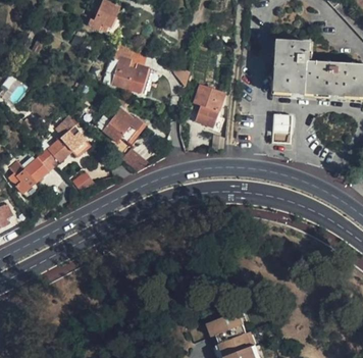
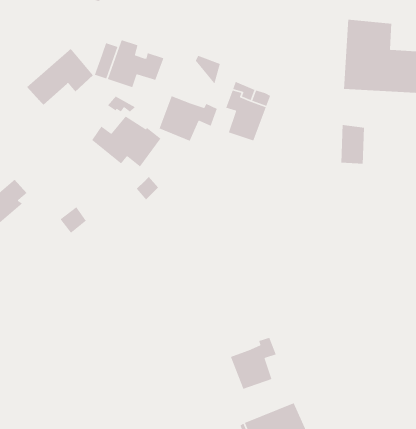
building: none -> [159,95,218,142]
building: [44,125,92,166] -> [26,48,94,105]
building: none -> [230,337,277,390]

